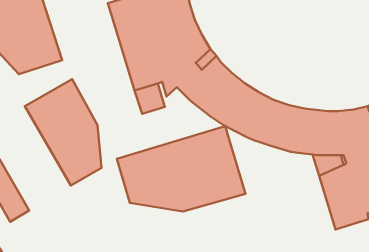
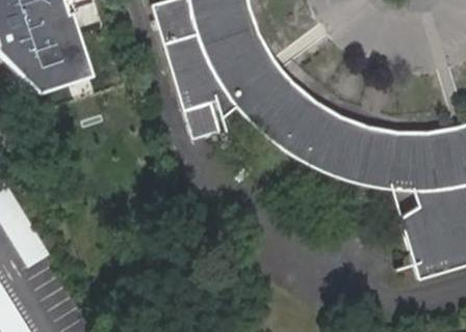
building: [25,79,101,186] -> none
building: [117,126,245,211] -> none

